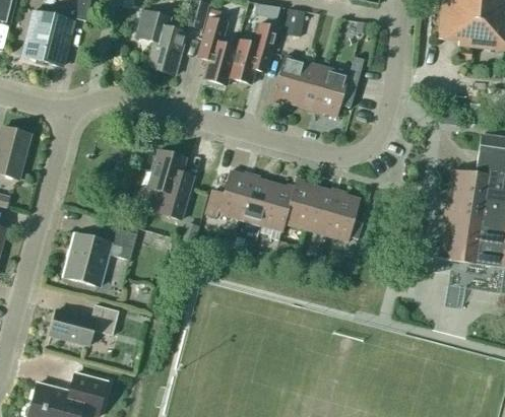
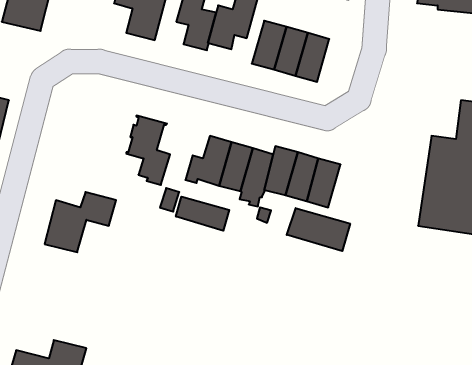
building: none -> [176,197,229,231]
building: none -> [287,208,350,251]
building: [48,304,120,345] -> none

